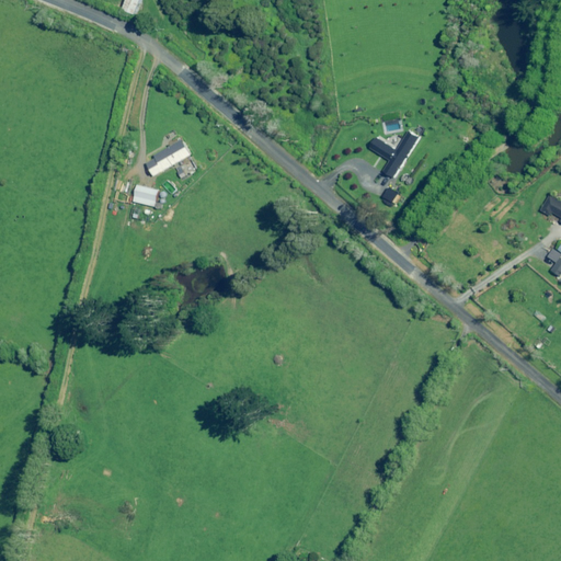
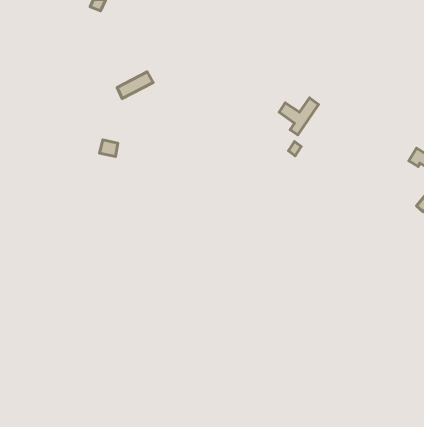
building: [145,138,192,173] -> [117,72,153,98]

